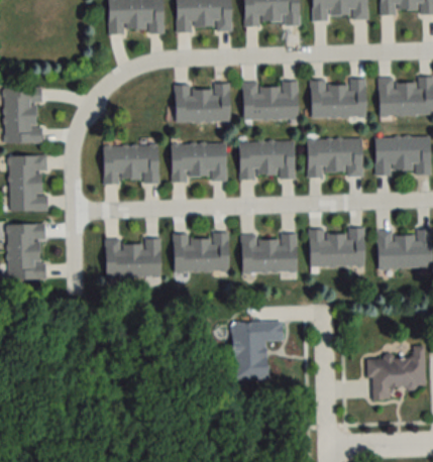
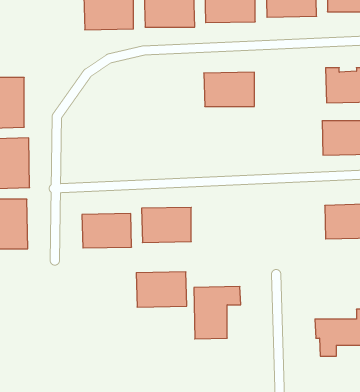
building: [311,79,366,118] -> none
building: [175,85,230,122] -> none
building: [307,137,363,177] -> none
building: [239,140,295,179] -> none
building: [171,142,227,182] -> none
building: [103,144,158,184] -> none
building: [309,228,364,267] -> none
building: [241,234,298,273] -> [136,272,187,307]

